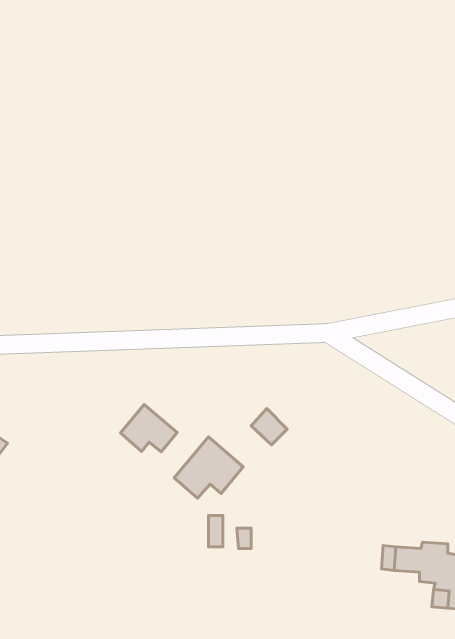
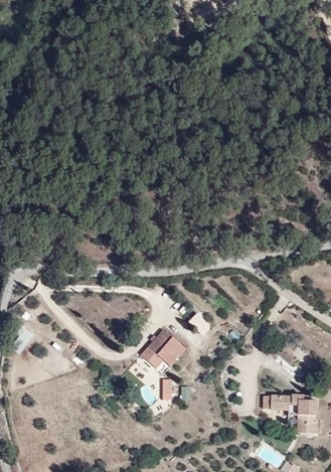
building: [120,404,177,452] -> none

